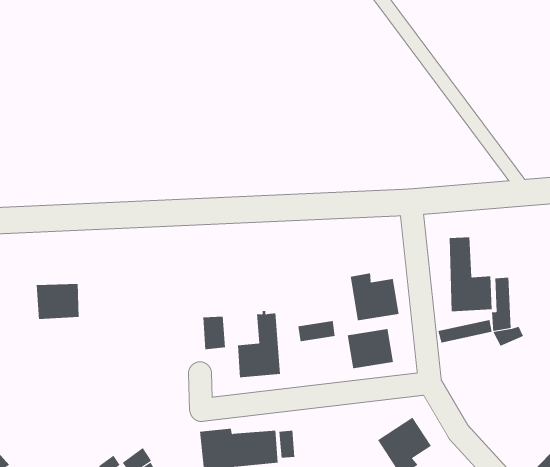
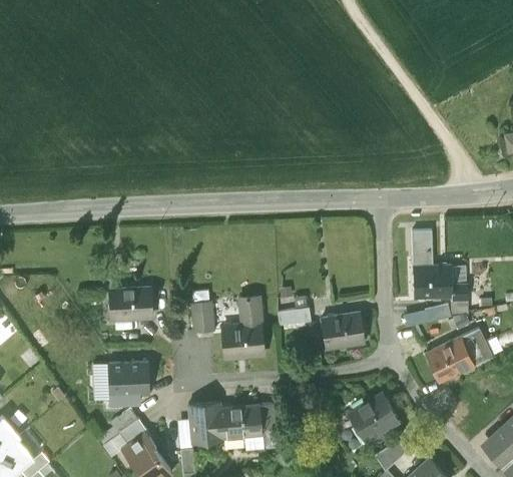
building: [350,273,399,321] -> none
building: [36,284,80,319] -> [111,290,150,322]
building: none -> [426,329,492,382]
building: none -> [108,364,148,406]

